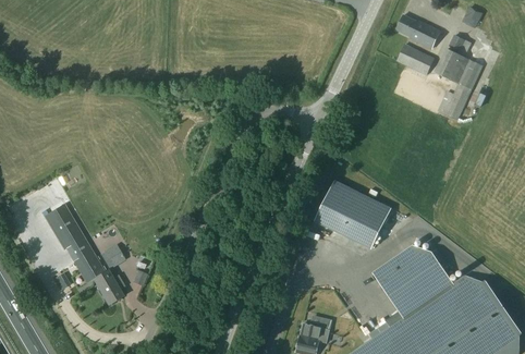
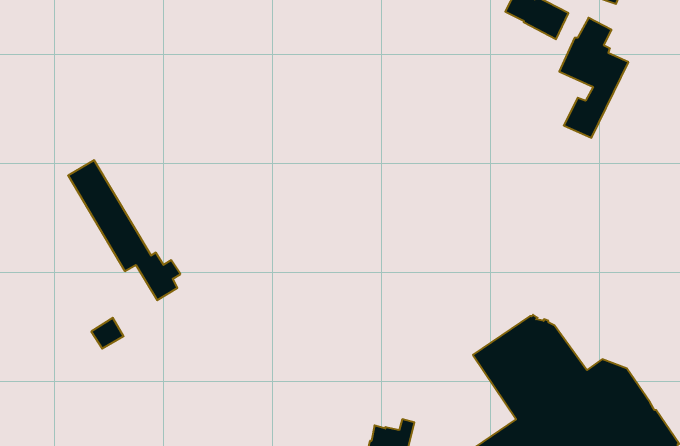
building: [396,42,435,74] -> none
building: [313,182,390,251] -> none
building: [47,205,126,304] -> [68,160,180,300]

